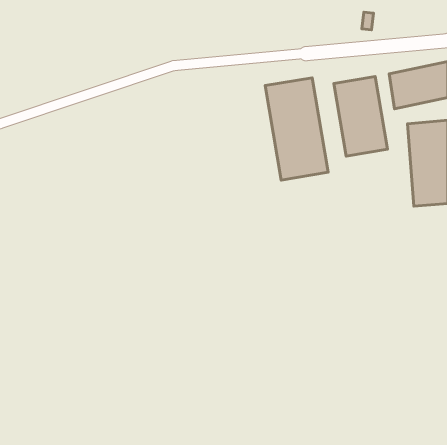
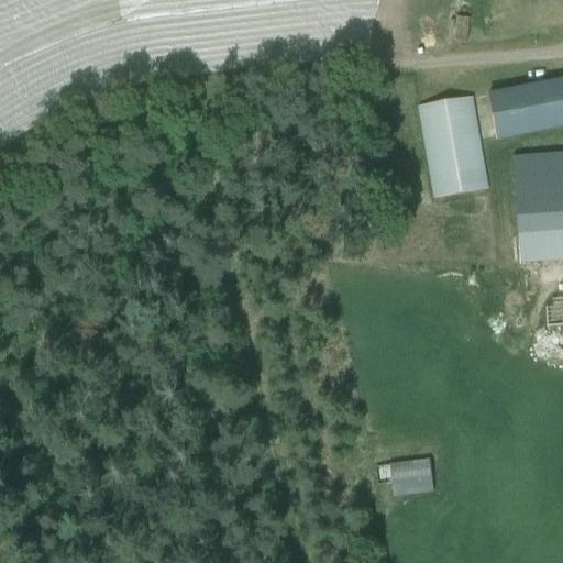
building: [265,78,328,180] -> none
building: none -> [390,457,433,494]

